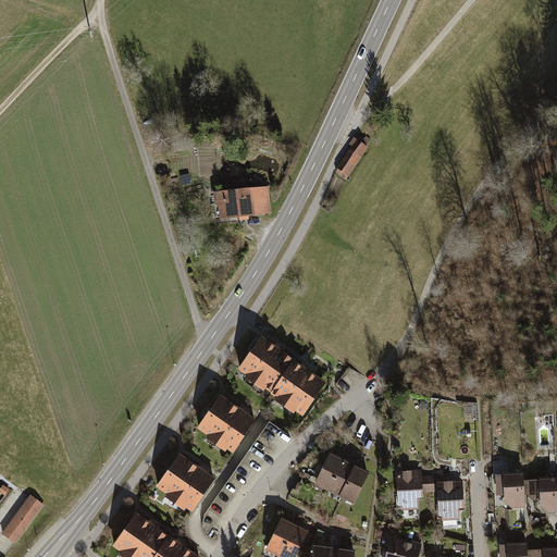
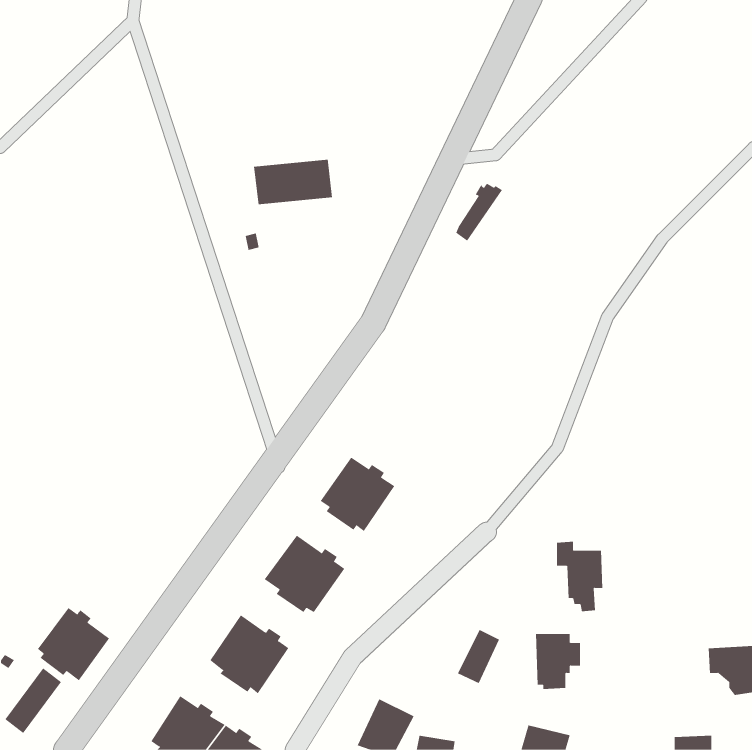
building: [212,186,271,220] -> [253,159,333,205]
building: [270,359,325,414] -> none
building: [313,446,355,497] -> none
building: none -> [37,607,110,681]
building: [495,472,525,508] -> none
building: [430,473,465,525] -> [556,541,603,612]

